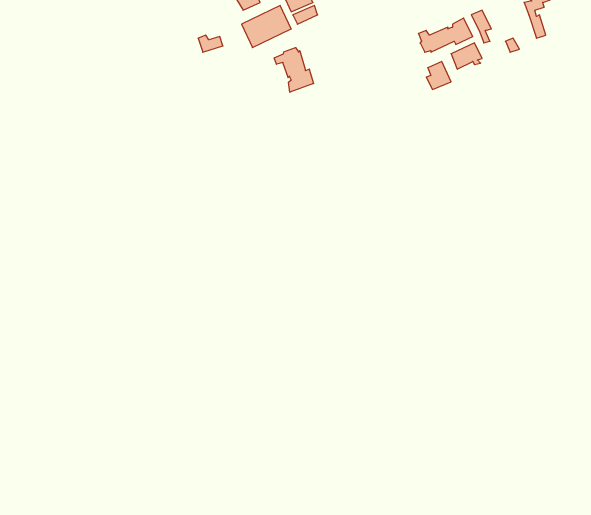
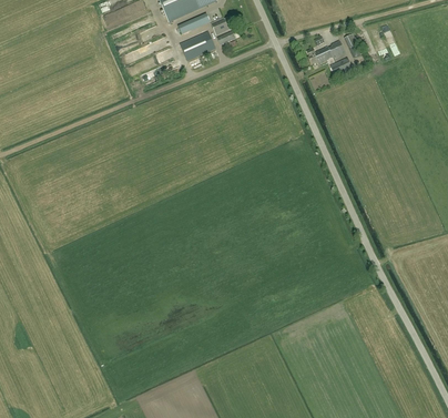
building: [274,48,314,92] -> none

